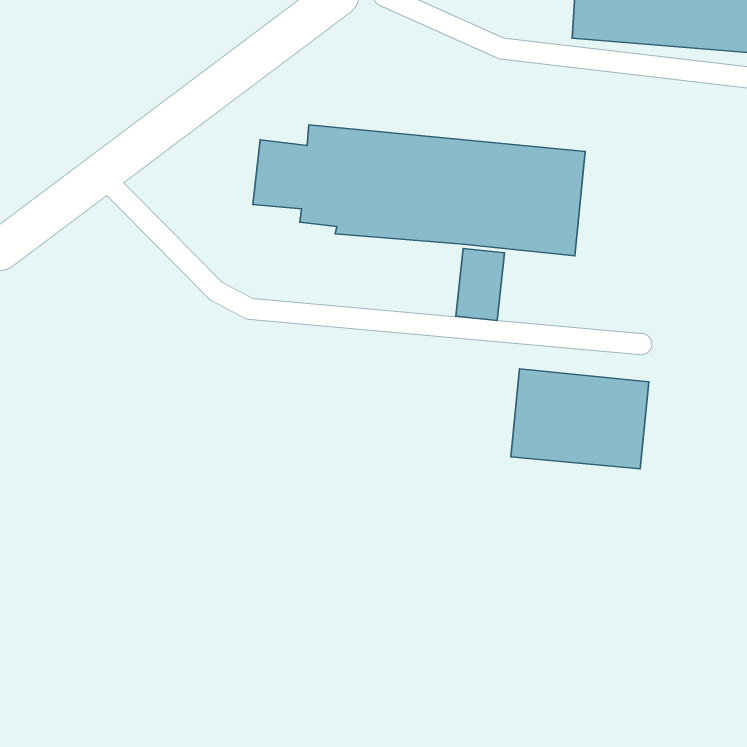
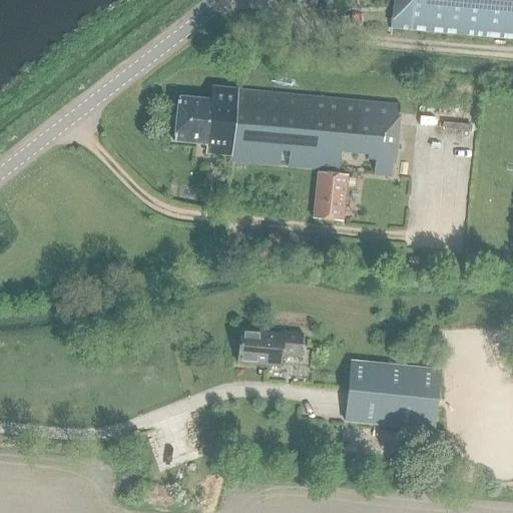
building: [511,369,649,469] -> [347,360,441,428]
building: none -> [238,327,304,365]

